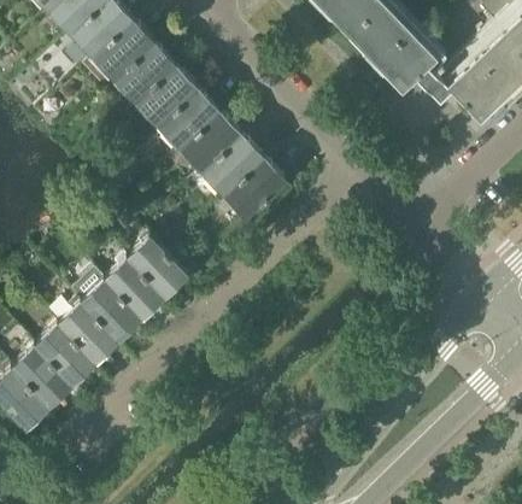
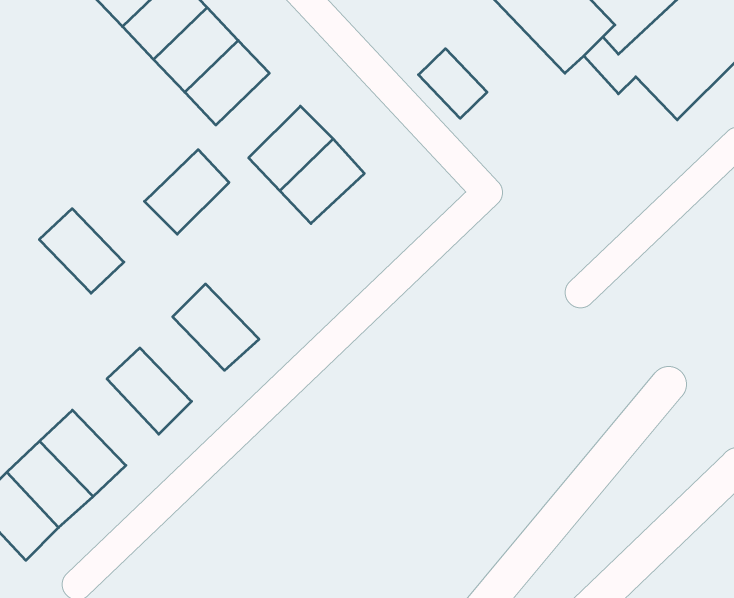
building: none -> [418,49,487,118]
building: [159,90,218,150] -> [144,150,229,234]
building: [225,160,285,219] -> none
building: [106,260,165,320] -> [39,209,124,293]
building: [59,304,119,364] -> none

